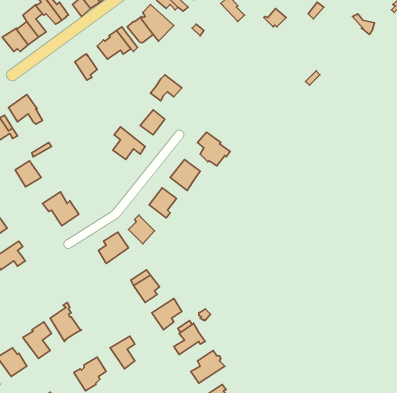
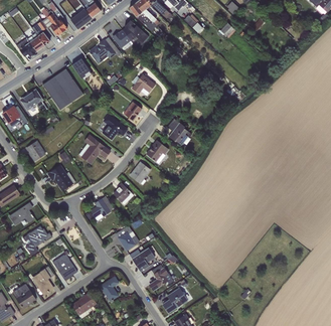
building: none -> [43,68,84,109]
building: none -> [78,134,111,164]
building: none -> [23,225,52,255]

